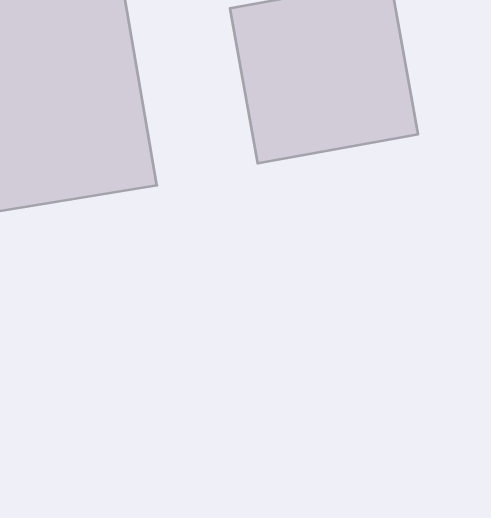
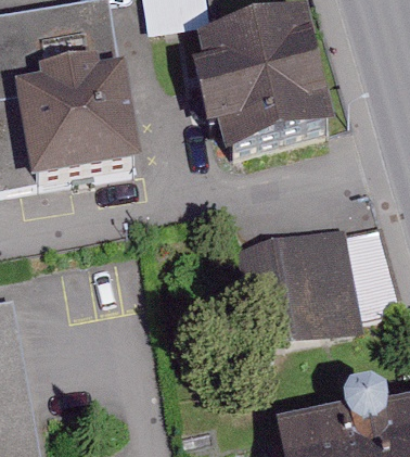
building: none -> [269,220,367,339]

